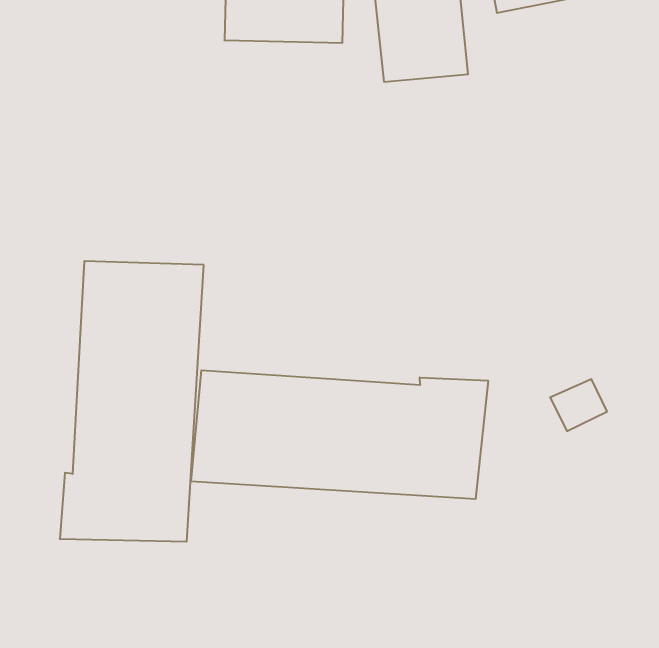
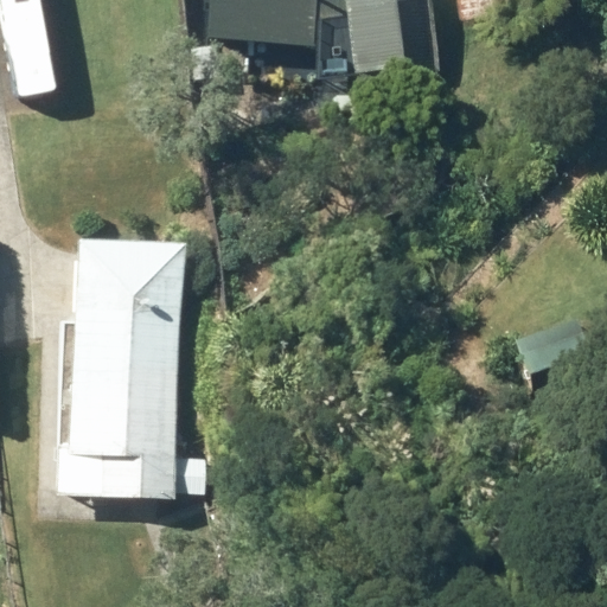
building: [191,370,488,499] -> none

